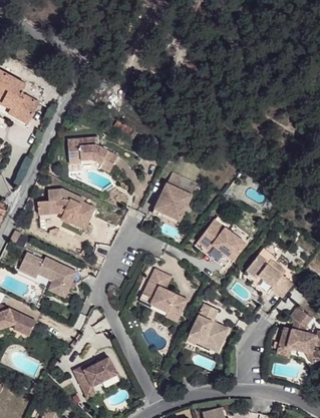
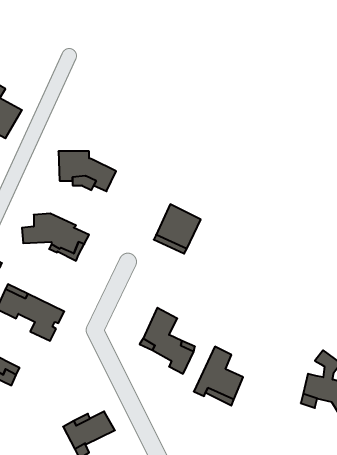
building: [197,219,246,267] -> none
building: [248,247,294,297] -> none

